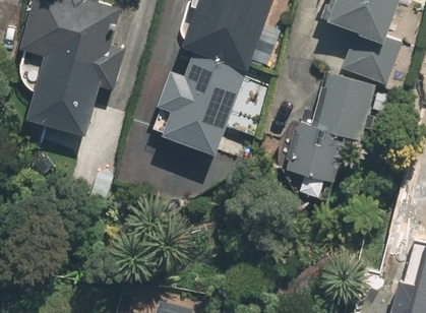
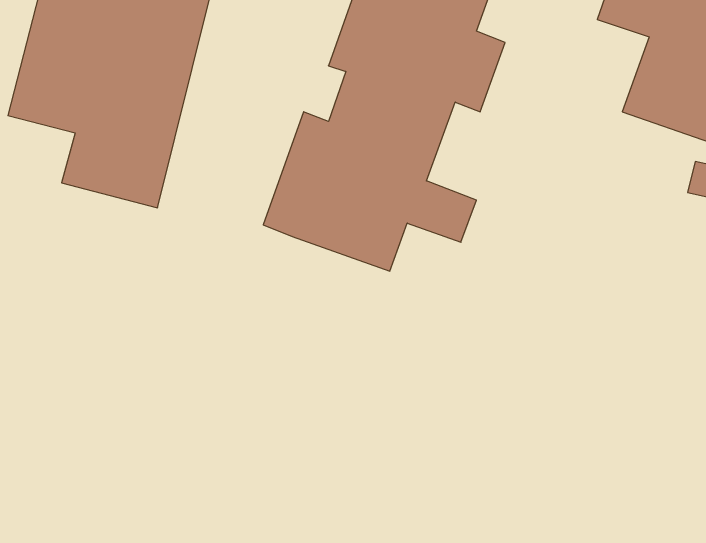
building: [283,74,374,179] -> none

